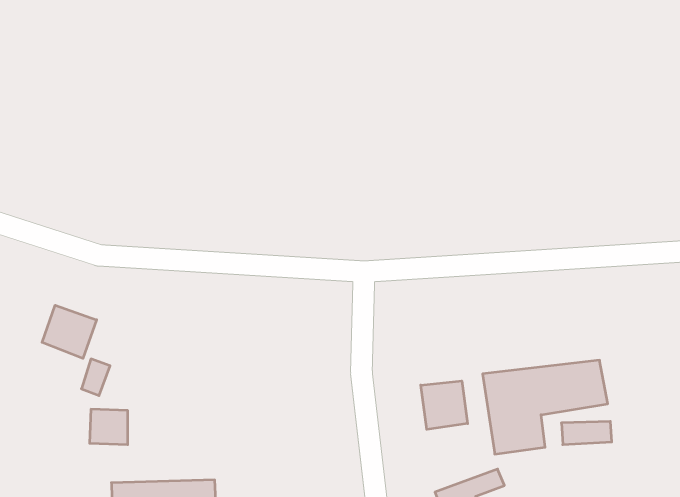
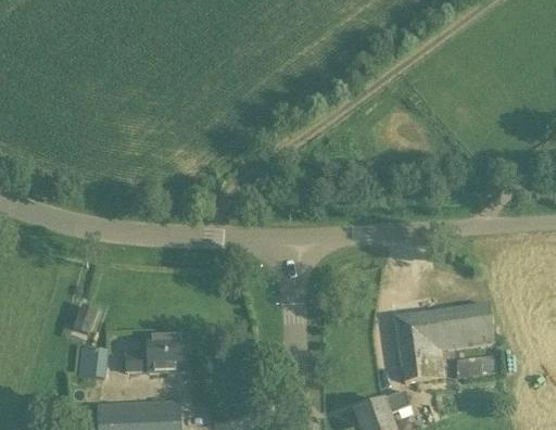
building: [42,305,97,358] -> none
building: [421,381,468,429] -> none
building: none -> [126,336,185,374]

